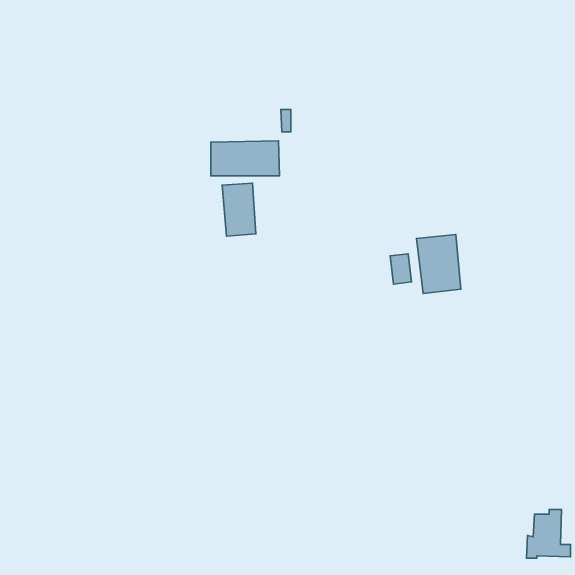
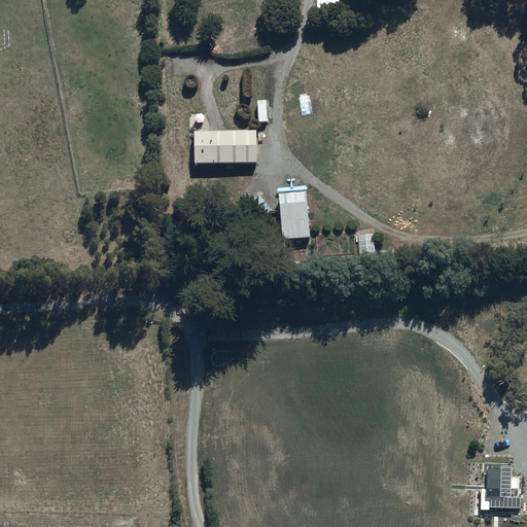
building: [222,183,256,236] -> [278,190,309,239]
building: [417,235,461,294] -> none

